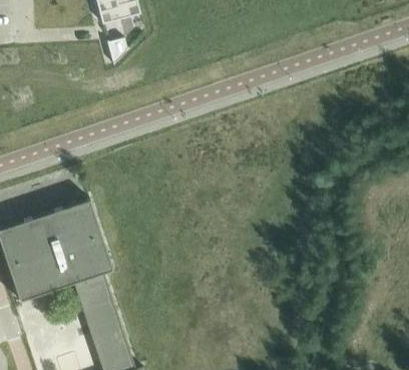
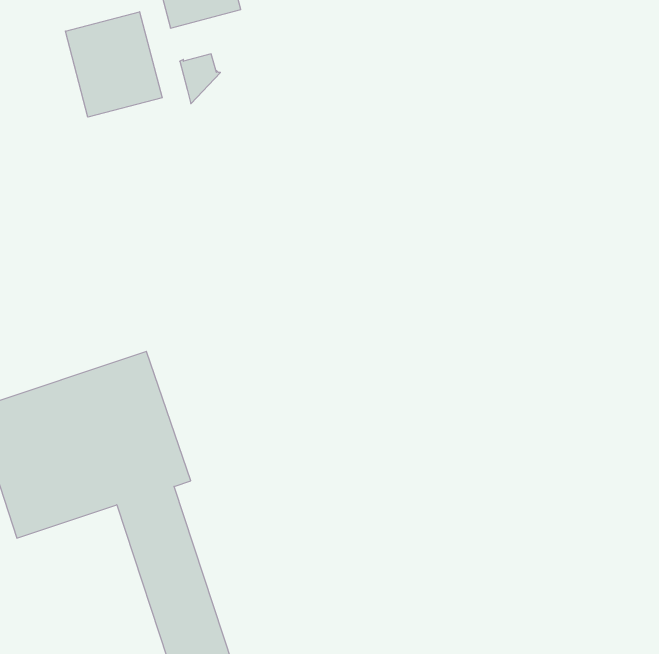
building: none -> [65,12,162,117]

